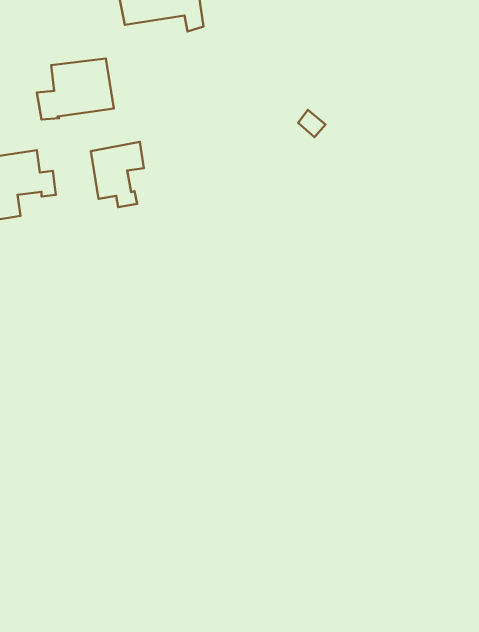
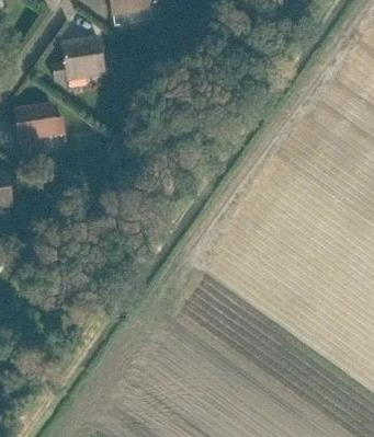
building: [91,142,144,207] -> none

